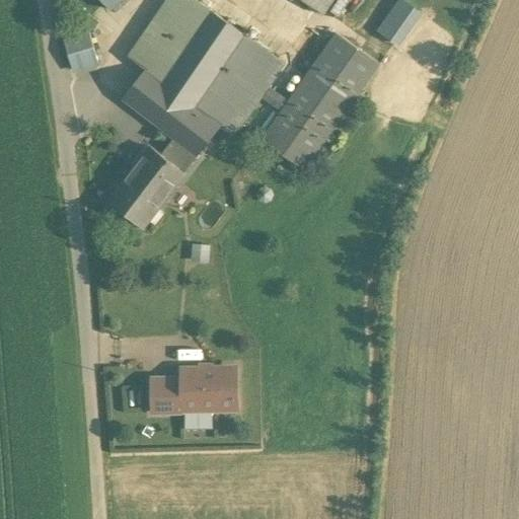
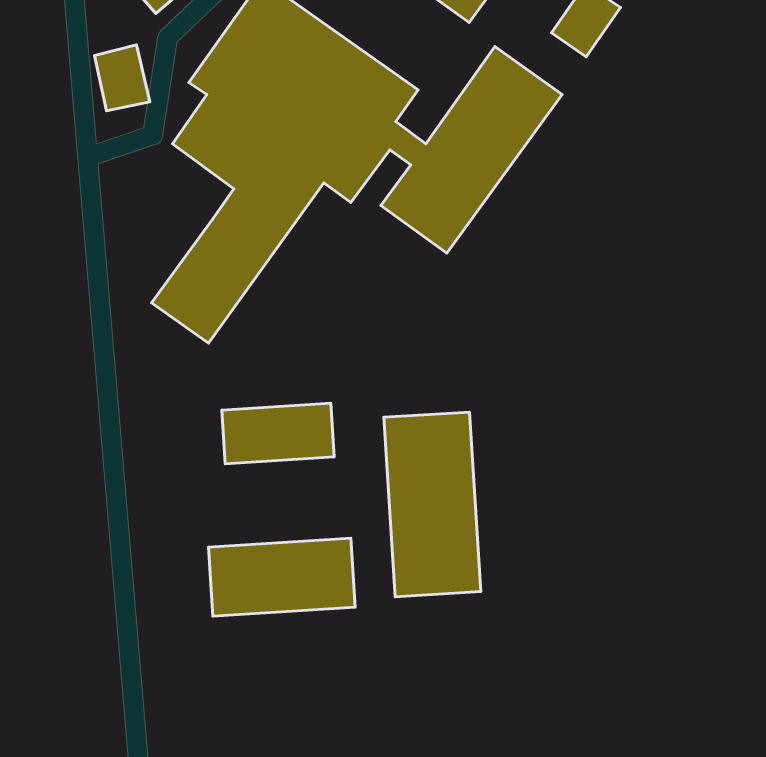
building: none -> [222,403,334,464]
building: none -> [384,412,481,597]

